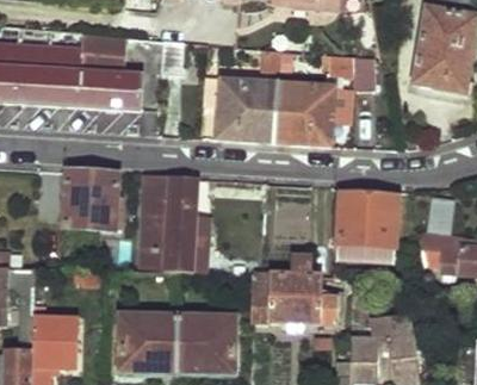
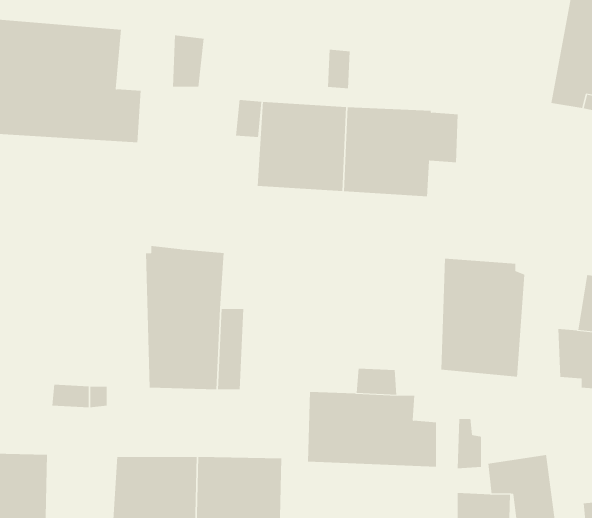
building: [333,54,373,89] -> none
building: [63,170,120,231] -> none

